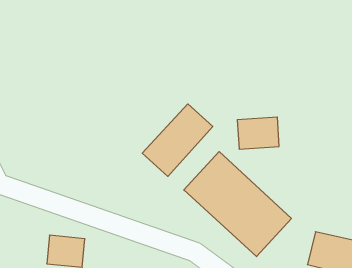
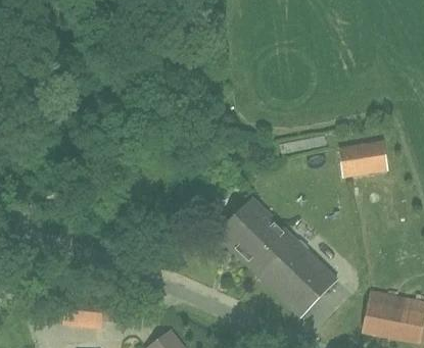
building: [142,104,213,176] -> none
building: [237,117,279,149] -> [340,143,388,180]

